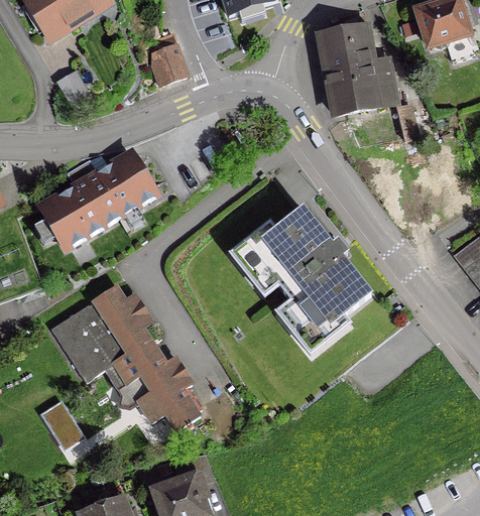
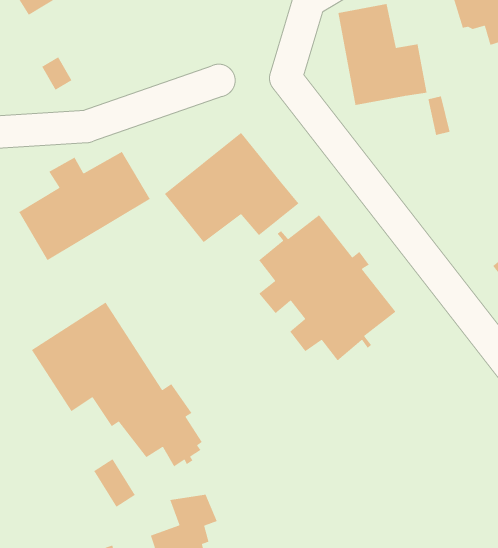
building: [151,34,187,85] -> none
building: none -> [164,132,300,243]
building: [42,402,80,445] -> [93,458,136,508]

